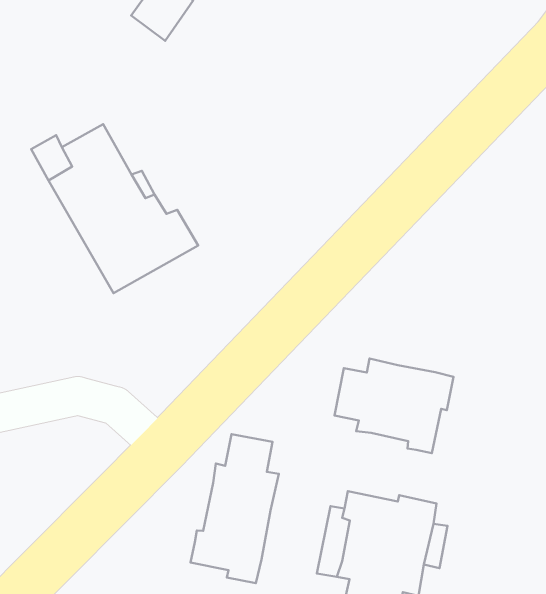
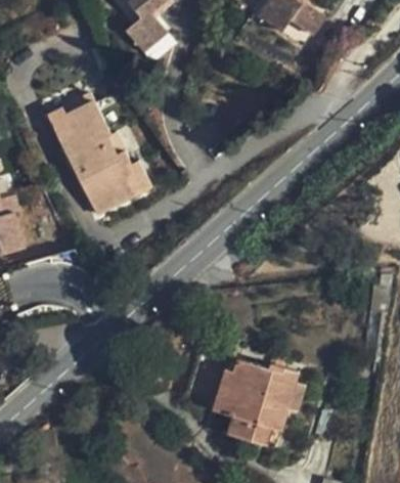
building: [334,359,453,453] -> none
building: [190,434,279,583] -> none

